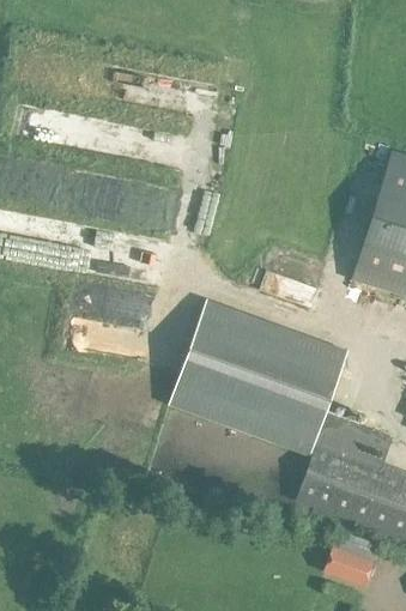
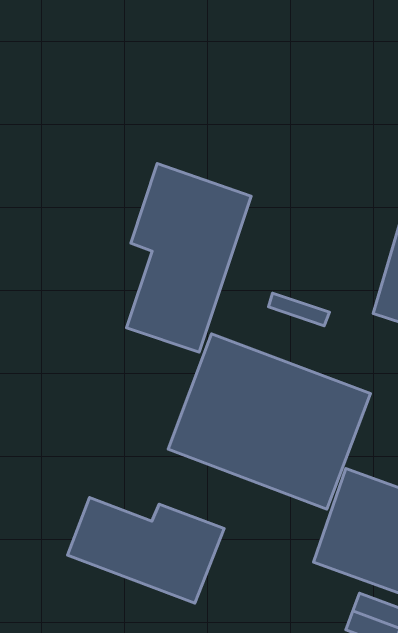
building: none -> [126,163,251,352]
building: none -> [67,497,224,603]

